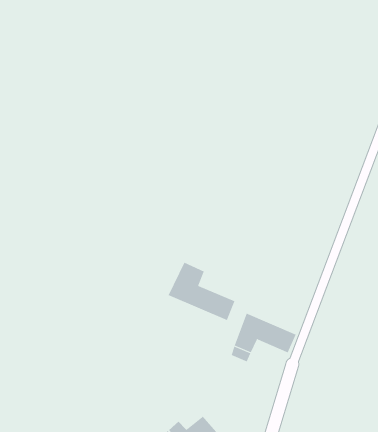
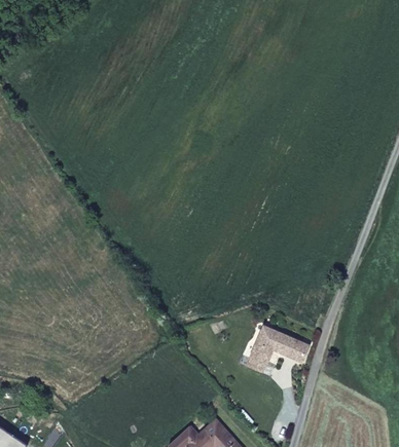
building: [168,262,235,321] -> none

